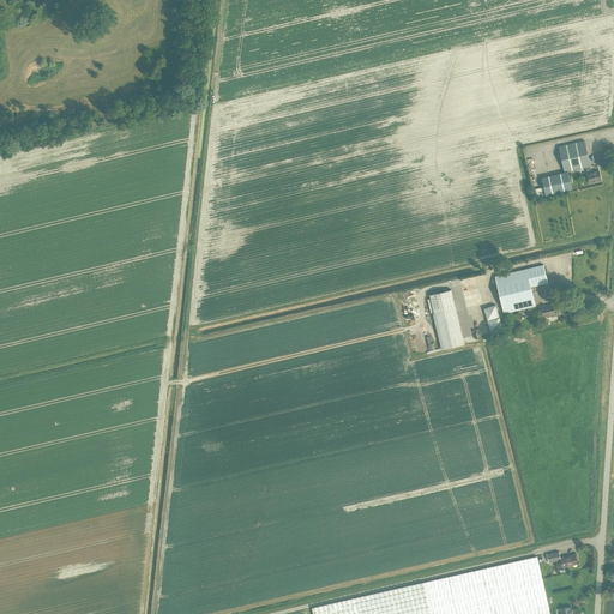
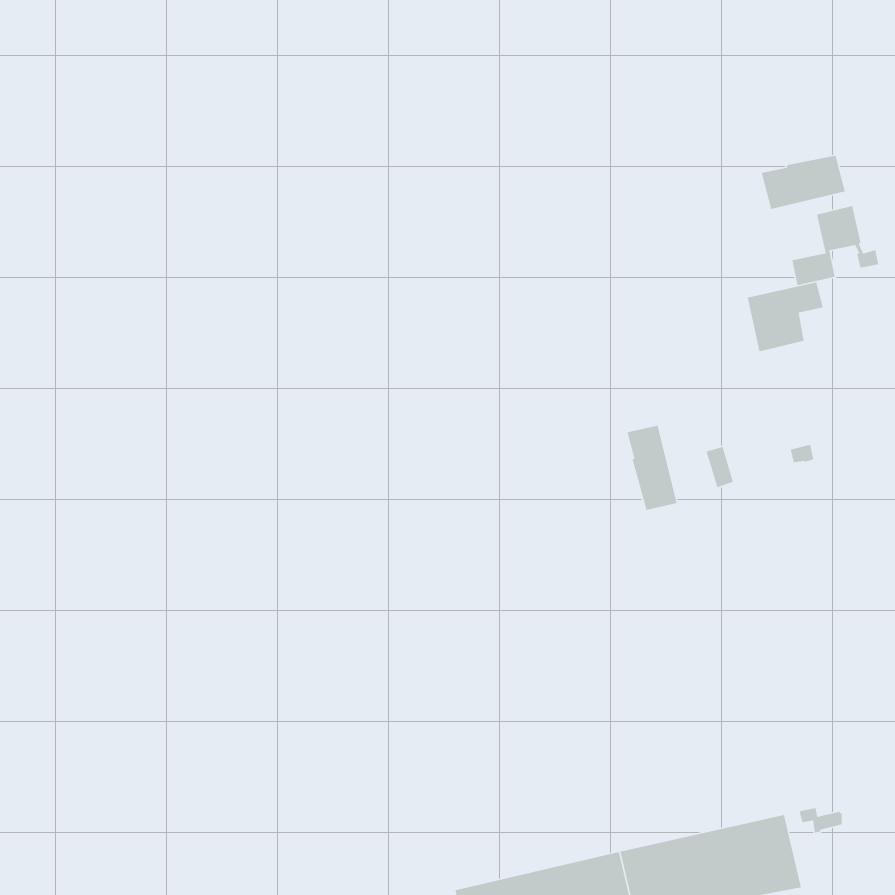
building: none -> [761,155,846,210]
building: [494,266,547,314] -> [747,282,824,352]

